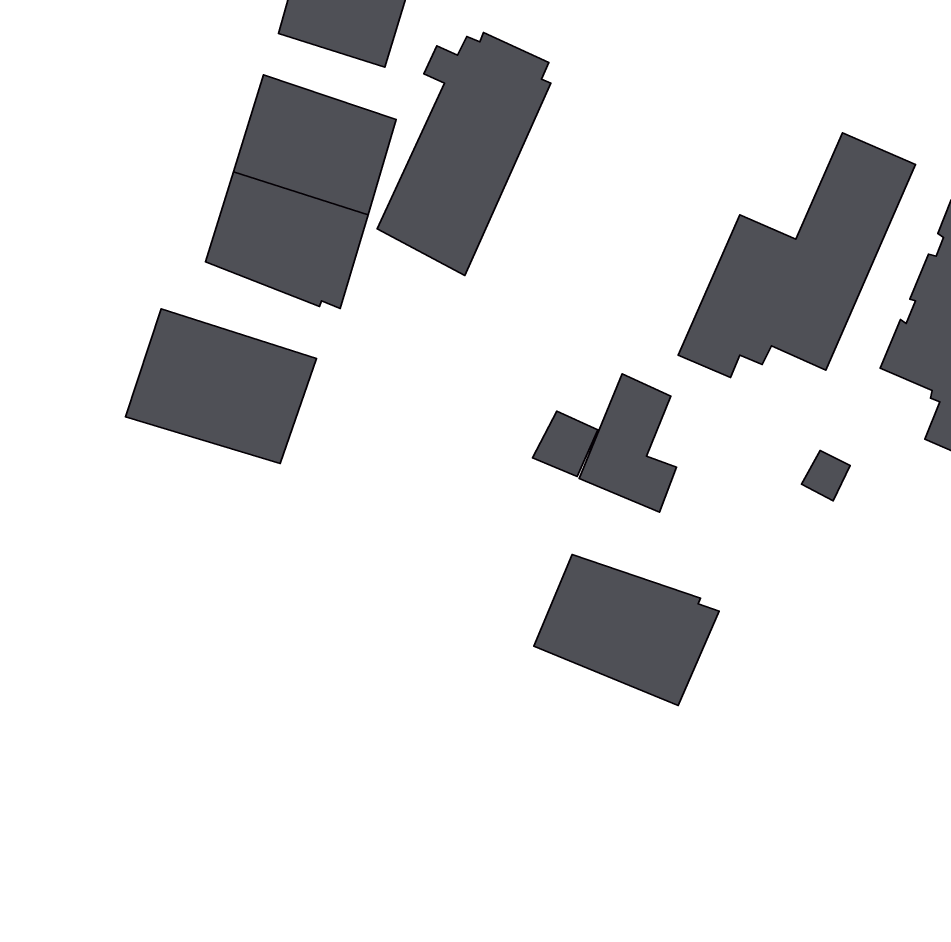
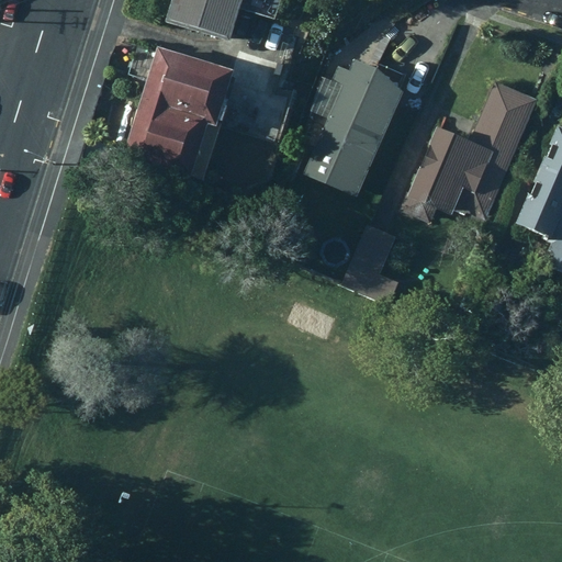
building: [377,33,551,276] -> [304,54,406,196]
building: [125,309,317,464] -> none
building: [534,555,719,706] -> none

